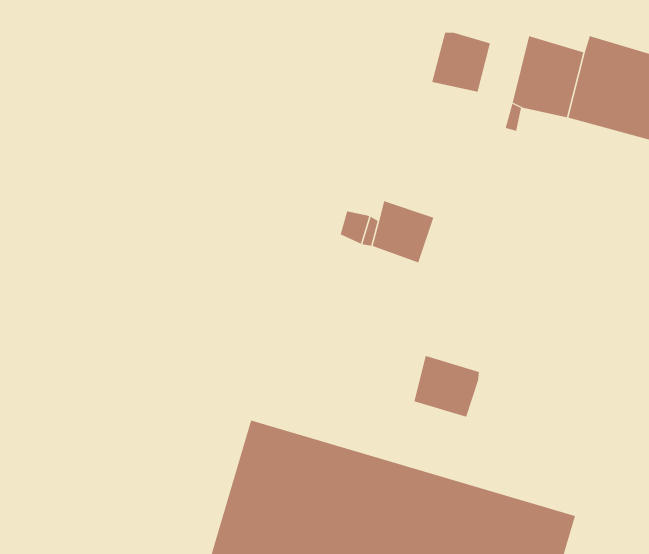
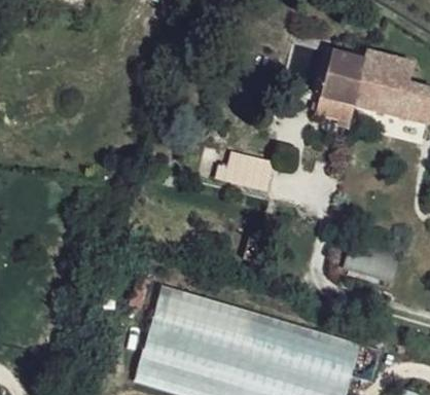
building: [432,32,490,92] -> none
building: [414,355,479,417] -> none

